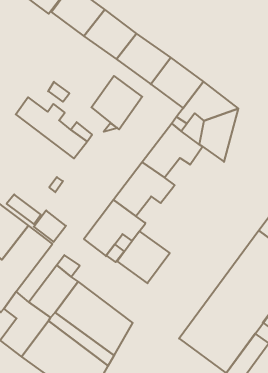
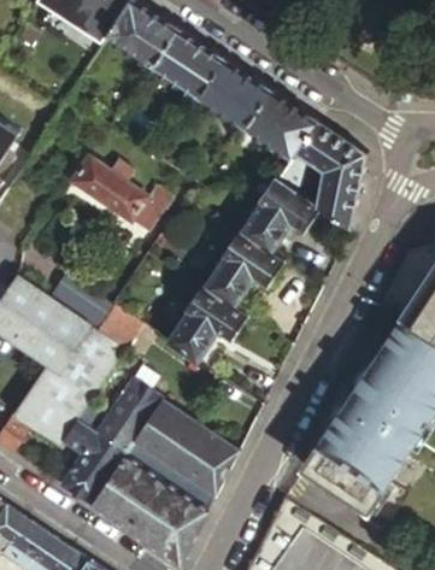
building: [91,76,142,129] -> none
building: [117,231,170,283] -> none

